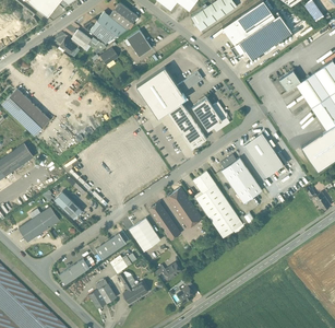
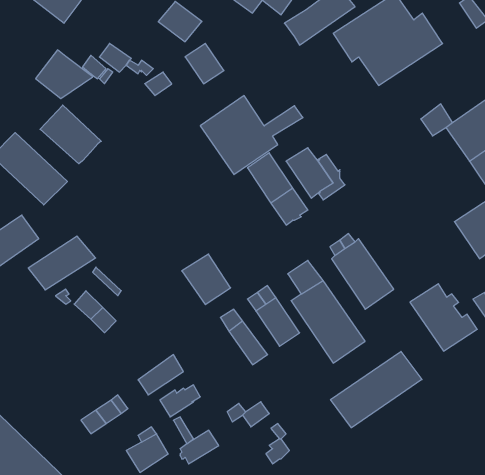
building: [89,11,127,43] -> [36,50,93,99]
building: none -> [40,105,101,164]
building: [243,131,287,175] -> [410,284,477,351]
building: [16,207,60,242] -> [28,236,96,290]
building: [129,218,160,250] -> [182,254,231,305]
building: none -> [331,351,422,428]

